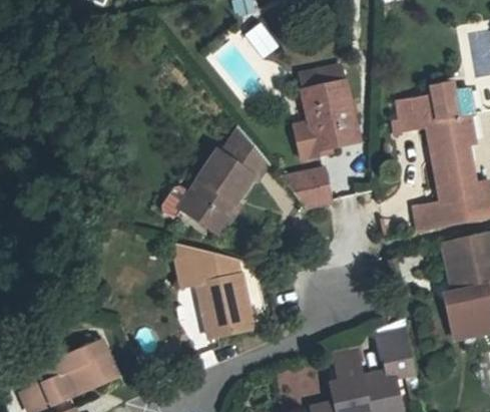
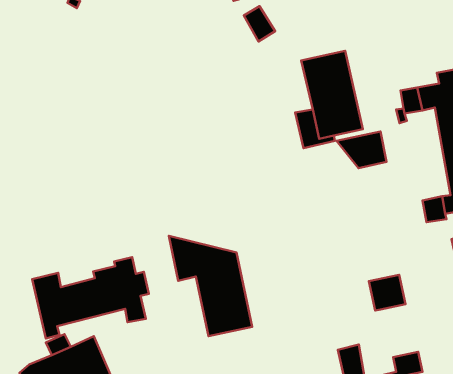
building: [162,130,268,234] -> none
building: [282,171,330,207] -> [337,132,387,168]
building: none -> [32,257,149,338]
building: [377,327,412,361] -> [369,275,405,310]

